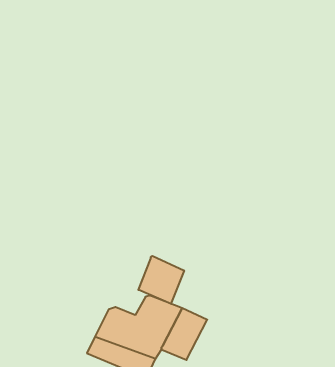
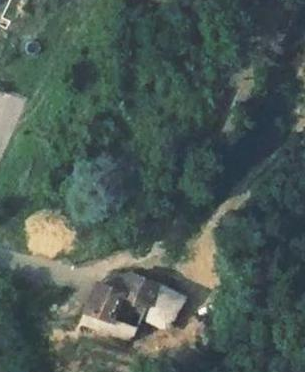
building: [138,256,184,304] -> none

